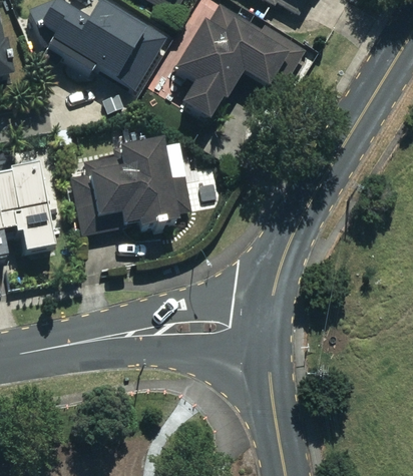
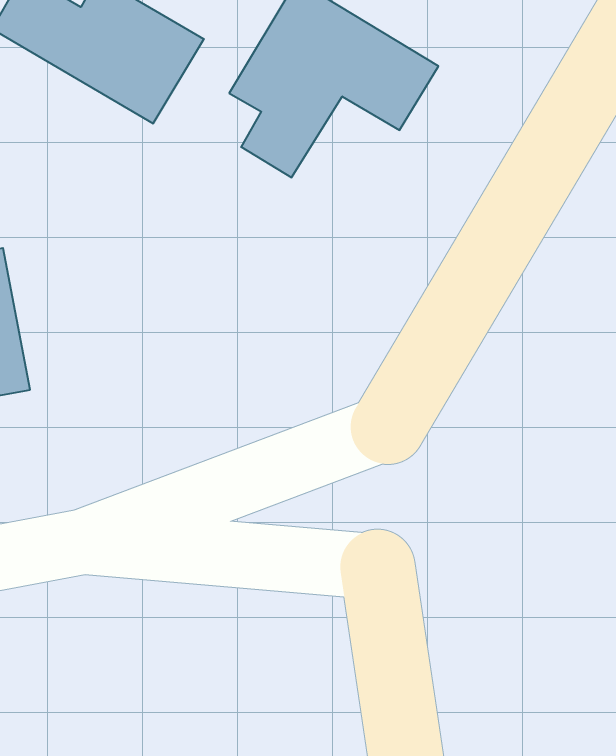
building: [66,139,179,235] -> none

